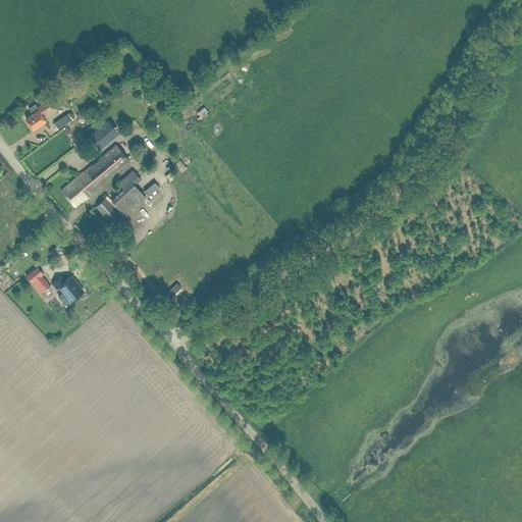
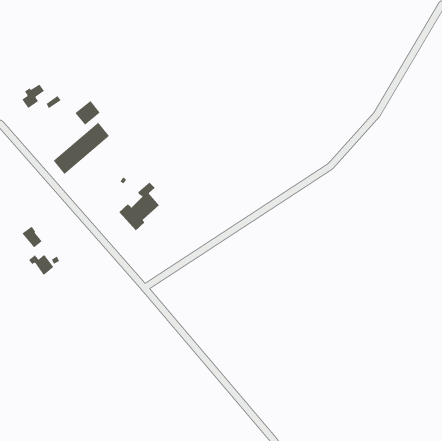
building: [96,170,145,228] -> [118,182,160,231]
building: [52,276,83,301] -> [28,255,54,275]

